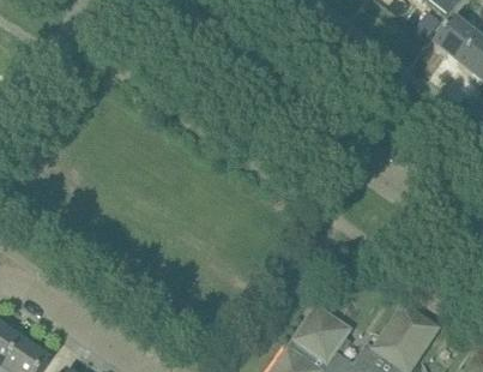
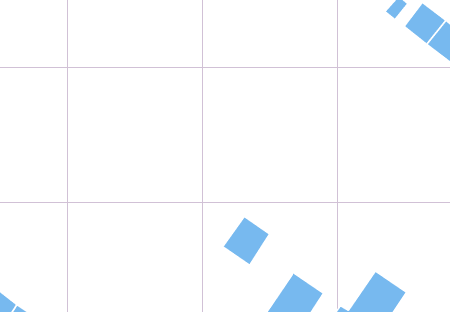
building: none -> [223,216,270,265]

